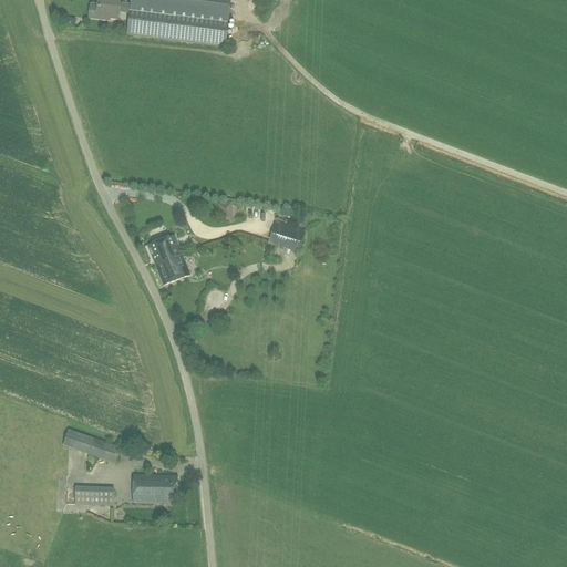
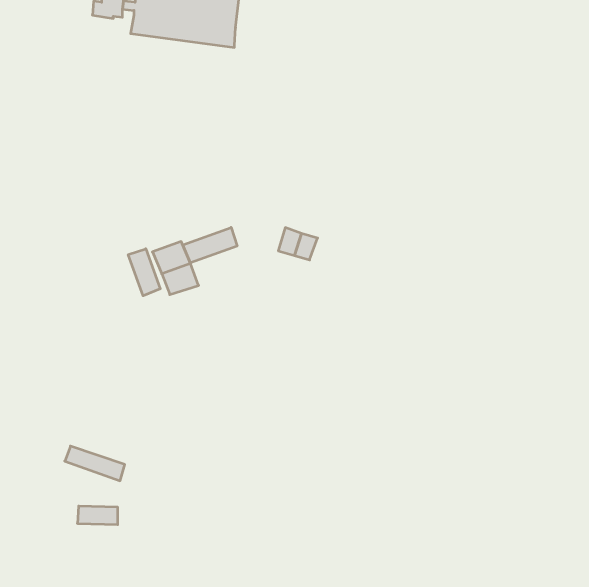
building: none -> [183,227,237,263]
building: none -> [128,249,160,296]
building: [132,472,176,501] -> none

